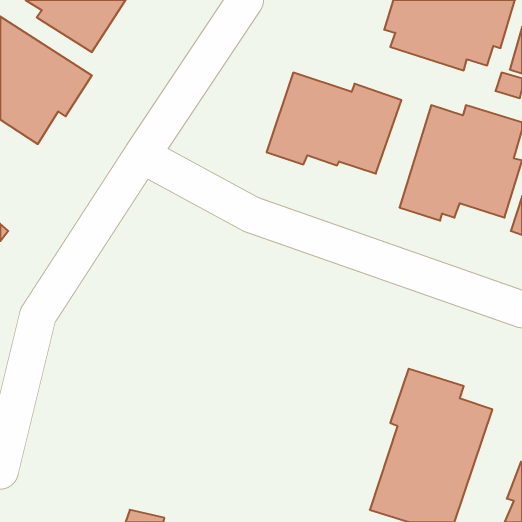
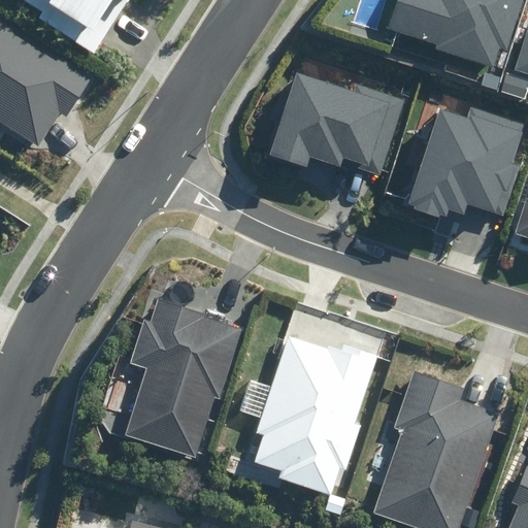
building: none -> [125,297,238,457]
building: none -> [255,336,375,494]

